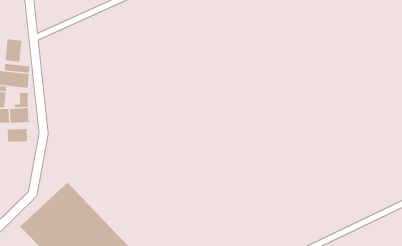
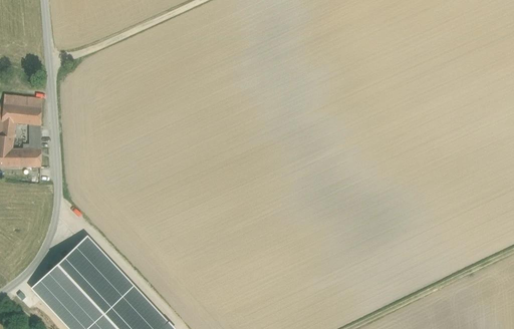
building: [5,38,23,62] -> none
building: [7,128,28,143] -> none

